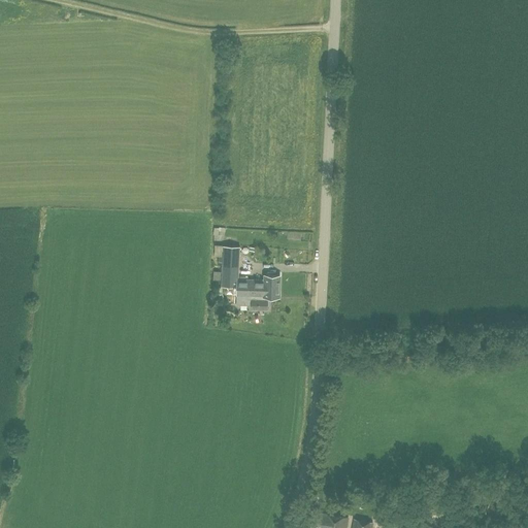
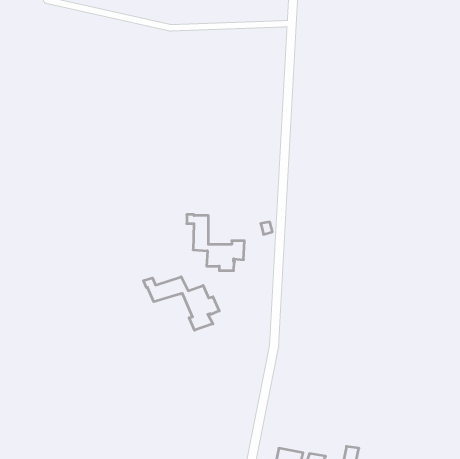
building: none -> [143,277,219,330]

